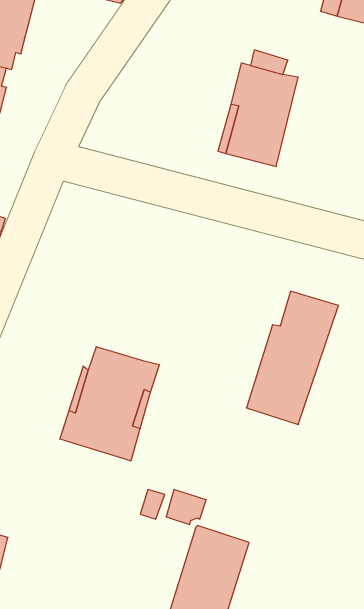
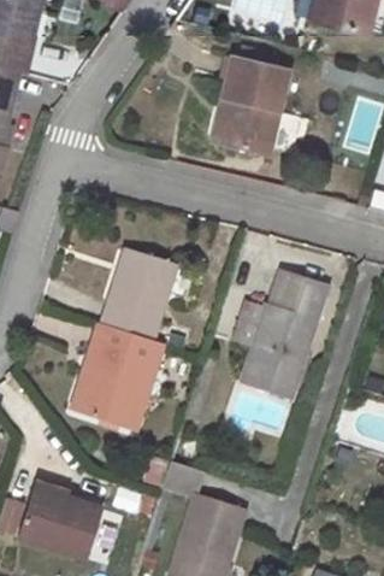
building: none -> [101,252,169,339]
building: none -> [23,480,101,557]

